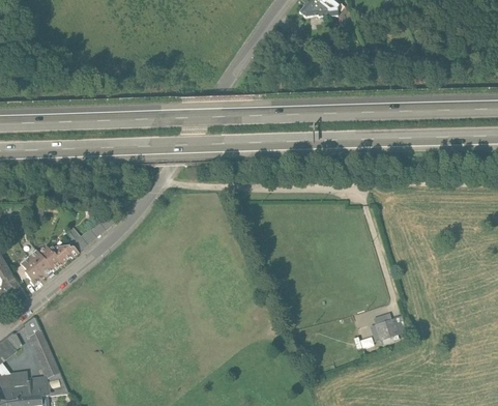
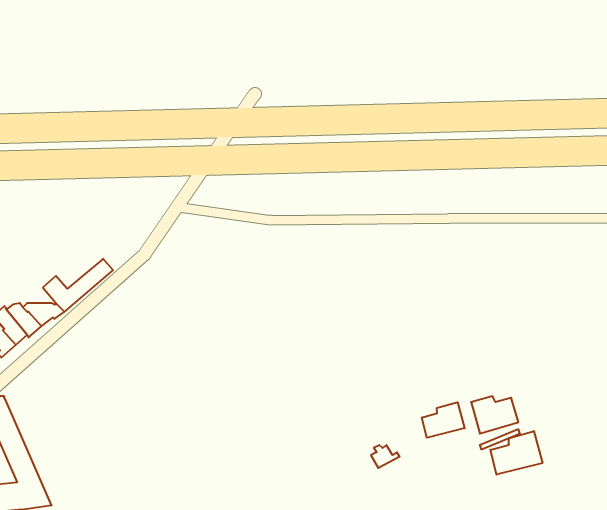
building: none -> [422,402,465,438]
building: none -> [490,431,542,475]

